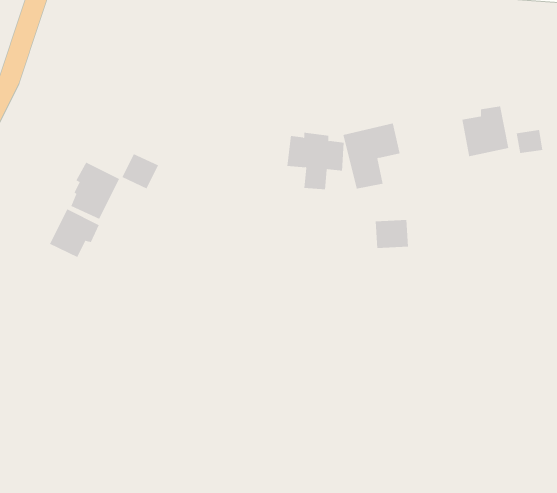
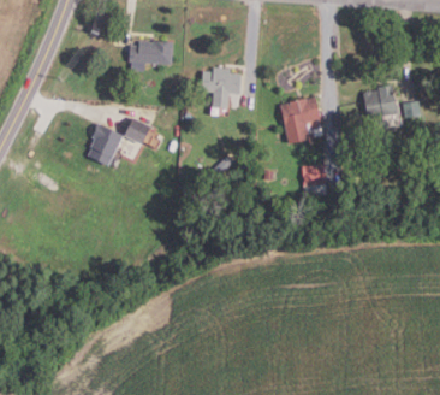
building: none -> [129,41,174,72]
building: [287,132,344,190] -> [201,67,242,108]
building: [49,209,99,258] -> none

